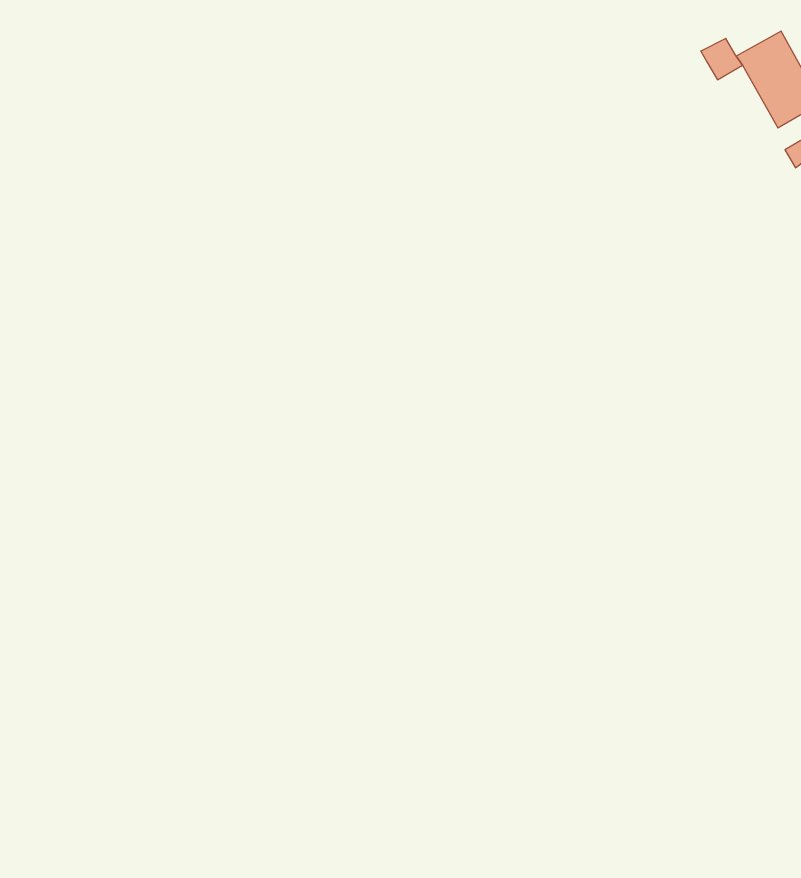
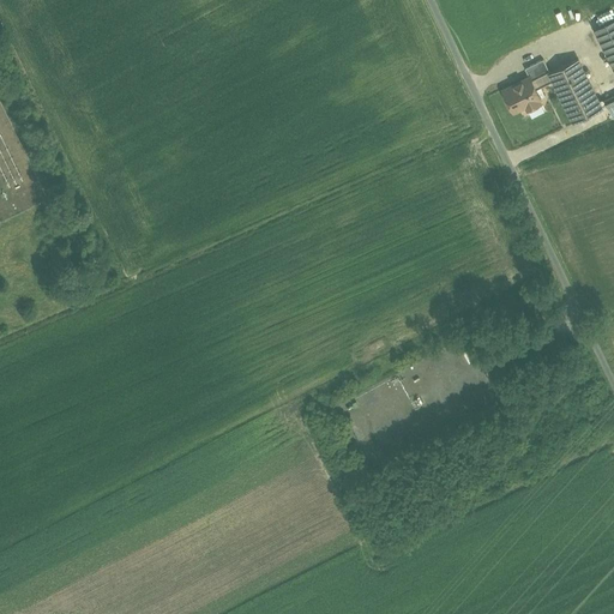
building: none -> [499,77,541,115]

